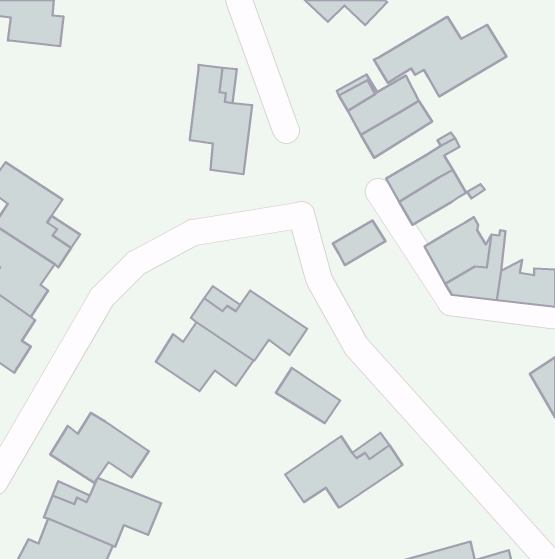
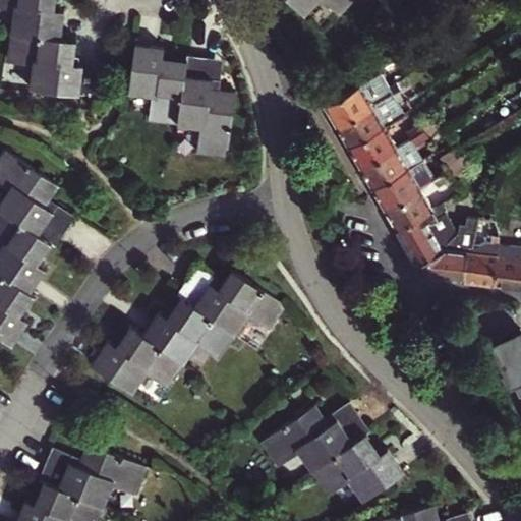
building: [374,17,506,96] -> none
building: none -> [5,39,104,103]
building: none -> [125,49,184,130]
building: none -> [347,125,395,167]
building: [333,220,385,265] -> [383,188,431,230]
building: [276,368,340,423] -> none
building: [50,413,149,483] -> [94,329,185,394]
building: none -> [316,436,407,501]

